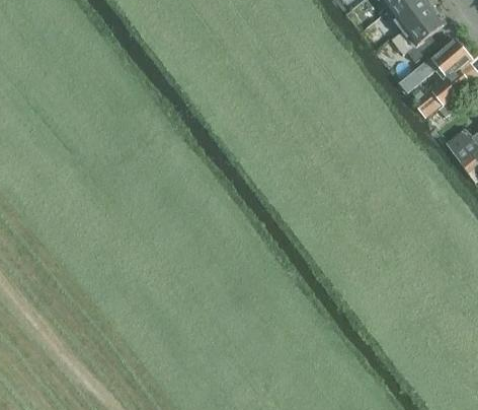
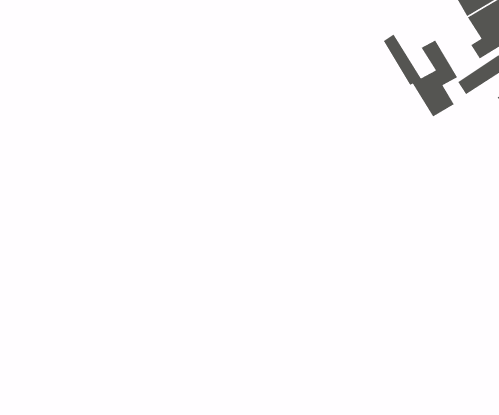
building: none -> [383,34,458,118]

